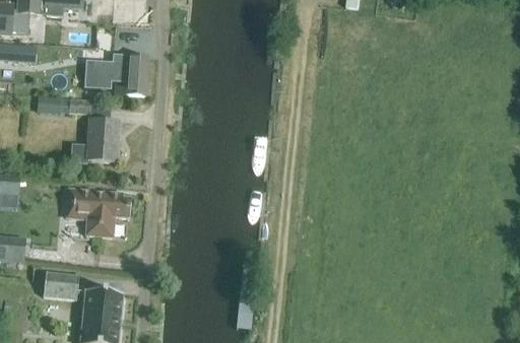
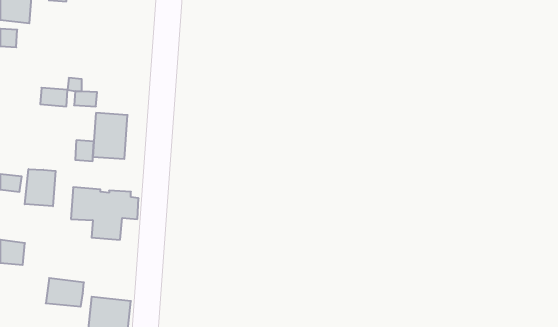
building: [83,53,147,93] -> none
building: none -> [25,169,56,206]

